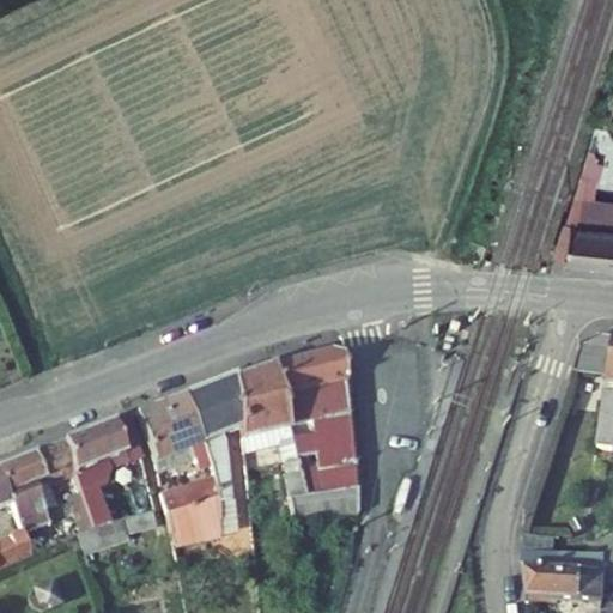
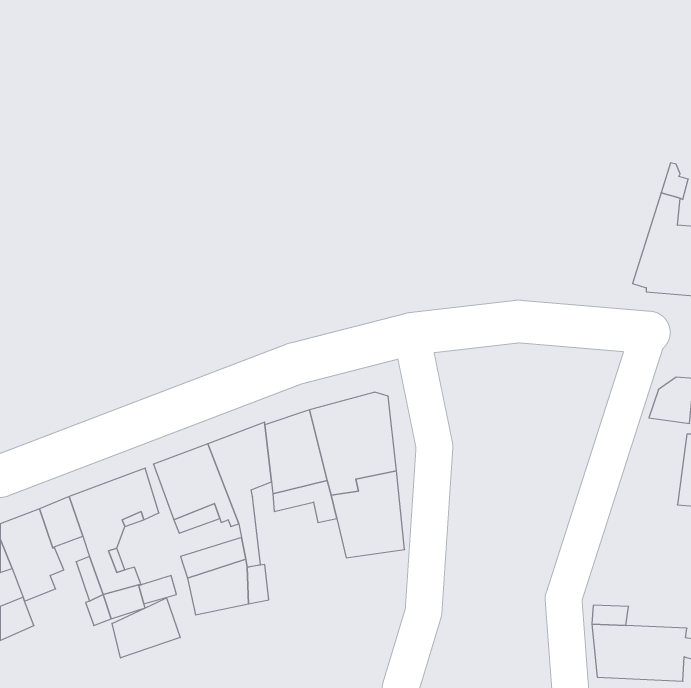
building: [283,457,359,520] -> none
building: none -> [112,598,180,658]

